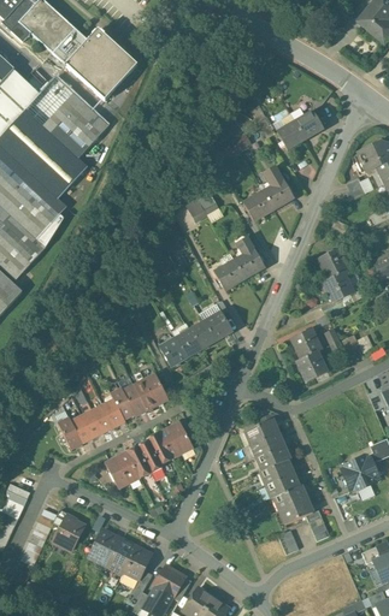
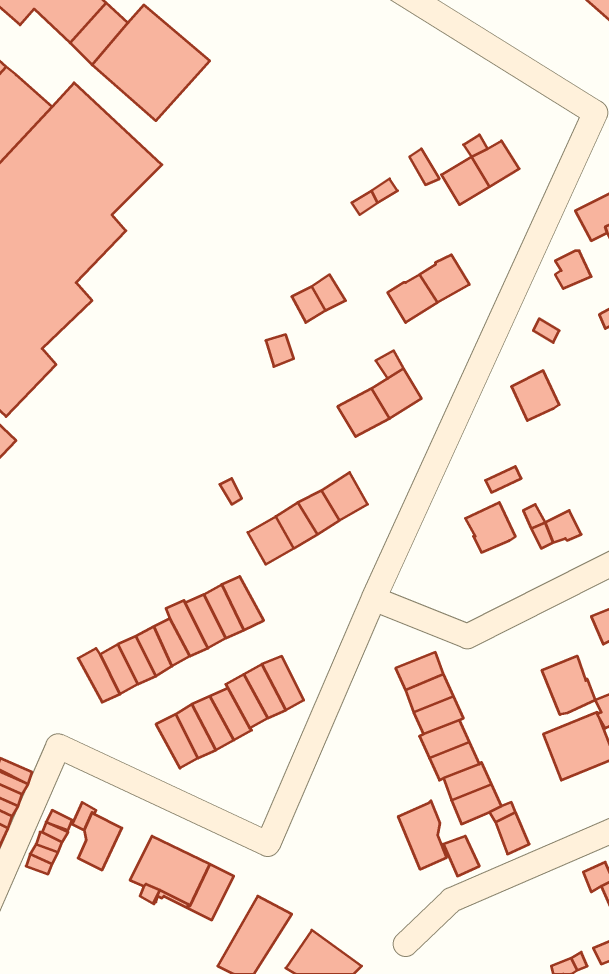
building: [323,272,353,302] -> none
building: [295,351,326,381] -> none
building: none -> [542,656,595,715]
building: none -> [398,801,446,869]

